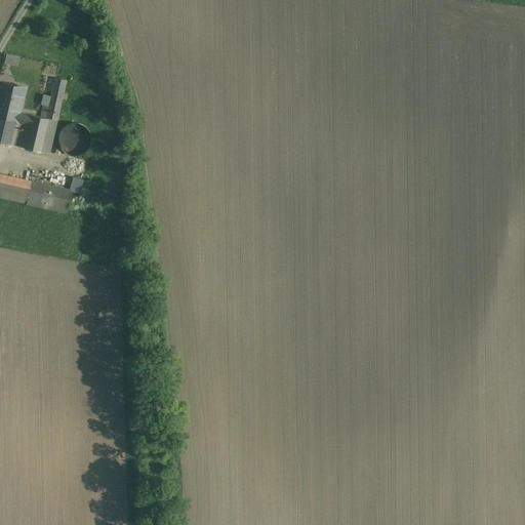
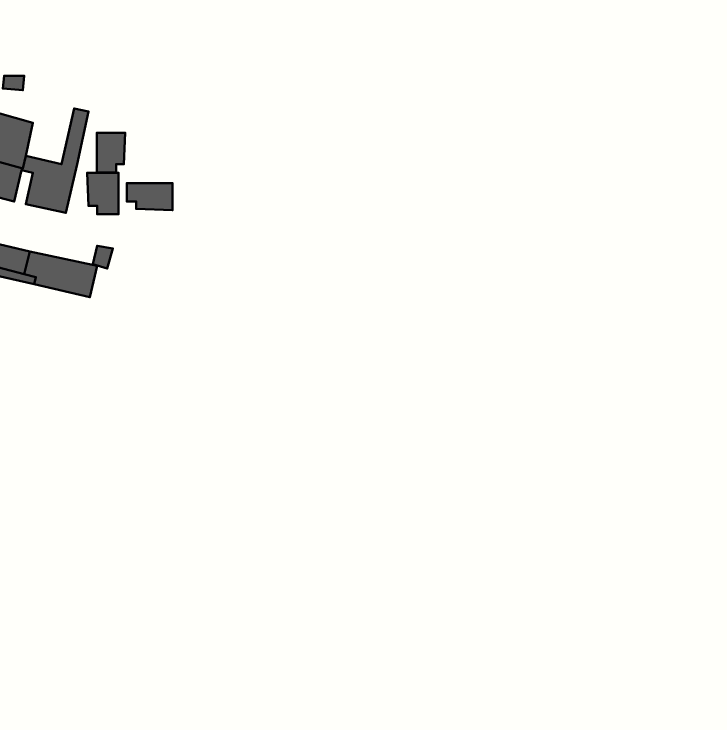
building: none -> [97,133,125,172]
building: none -> [127,183,172,210]

